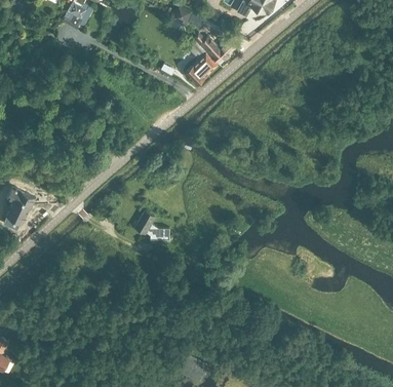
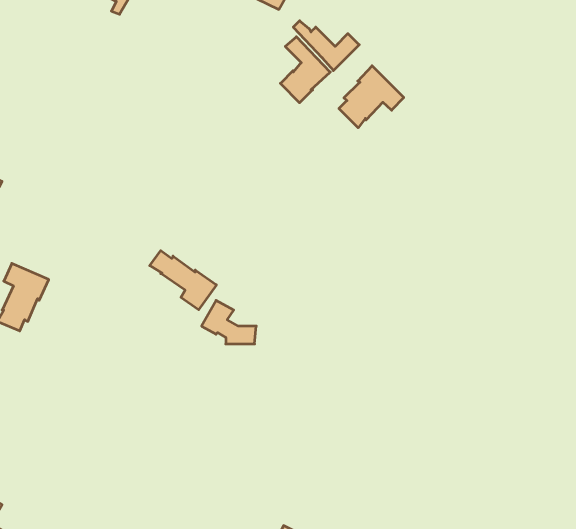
building: none -> [339,66,404,128]
building: none -> [150,251,216,310]

